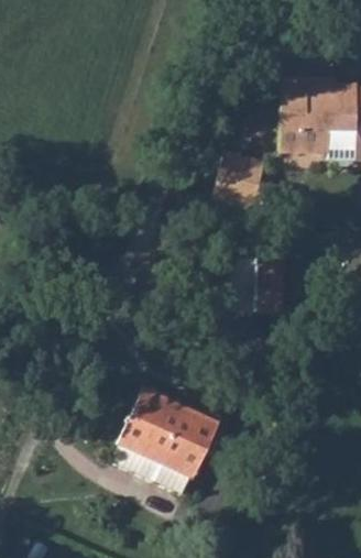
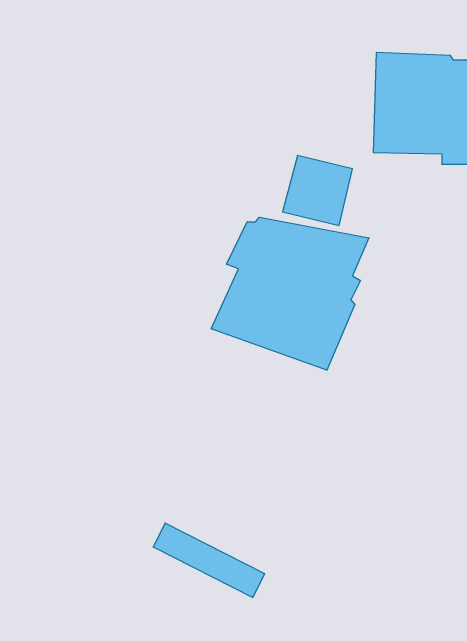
building: none -> [211,217,369,370]
building: [123,387,216,462] -> none

